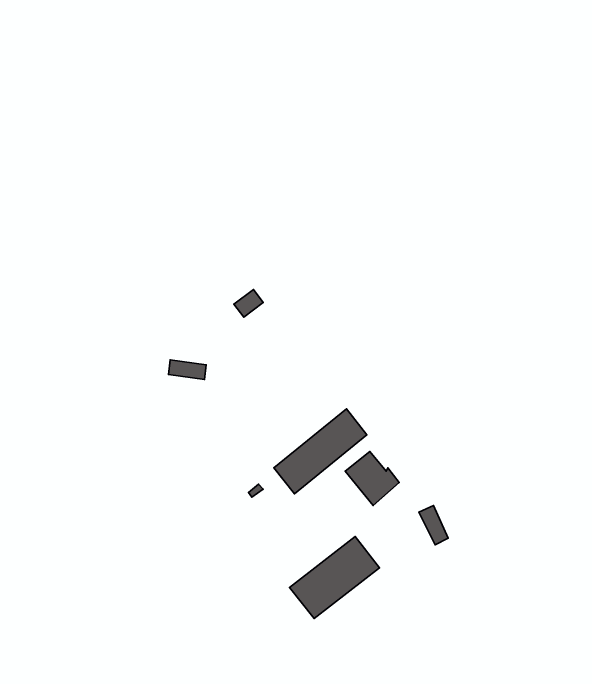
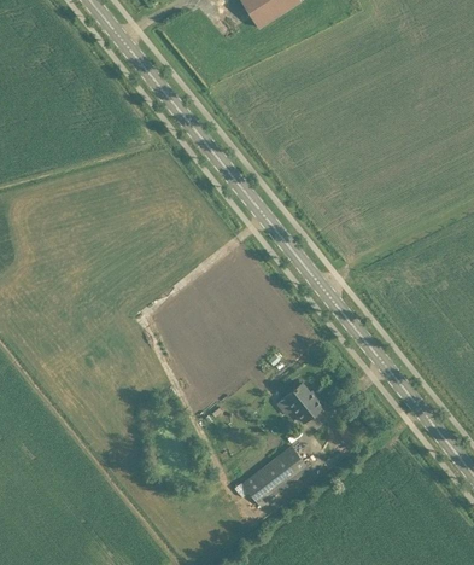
building: [274,409,367,494] -> none

